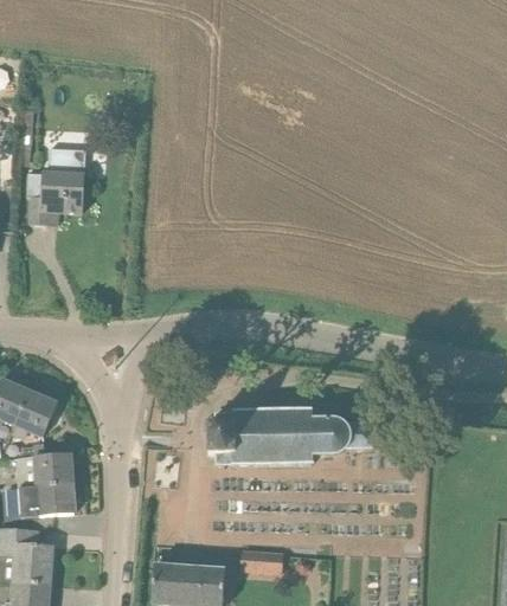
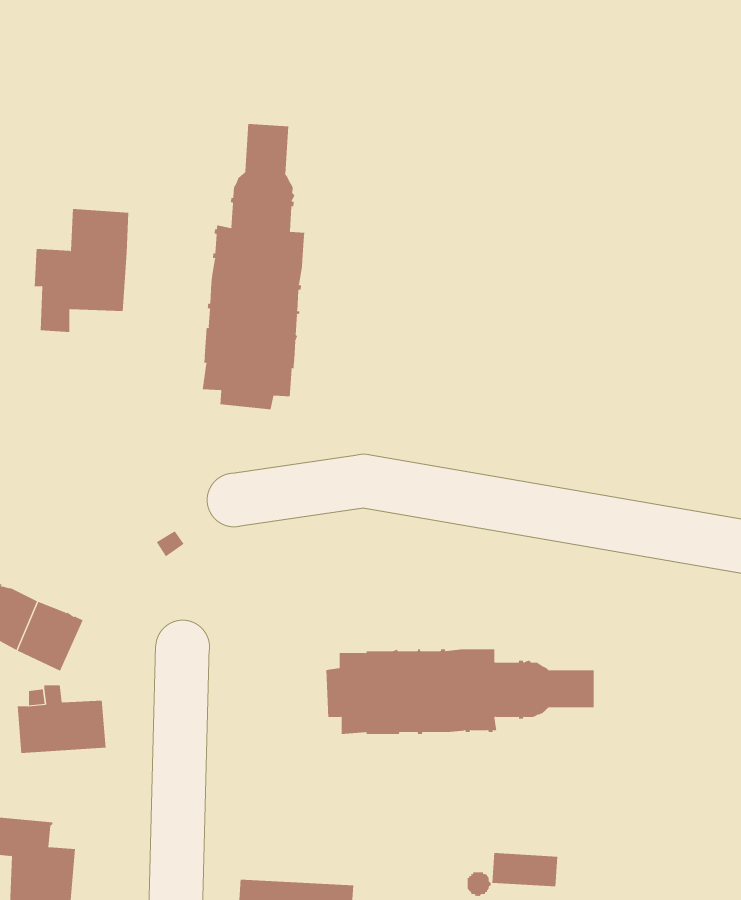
building: none -> [202,123,305,410]
building: [18,482,73,515] -> none
building: [240,548,282,569] -> [492,853,558,887]

